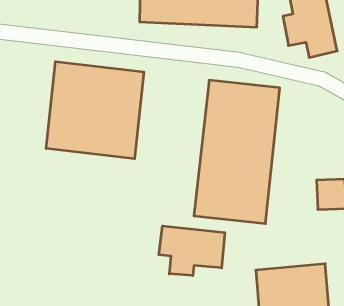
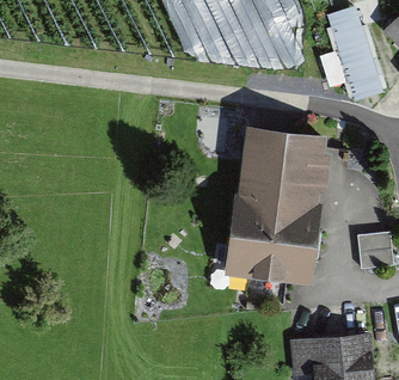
building: [46,62,144,159] -> none
building: [159,226,225,276] -> none

